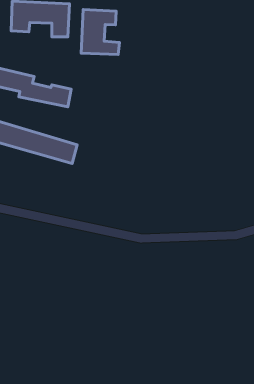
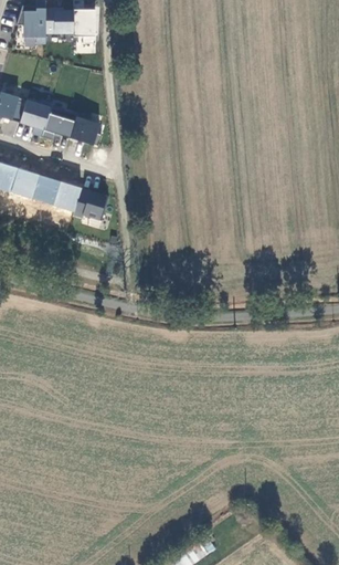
building: [81,9,119,55] -> none

